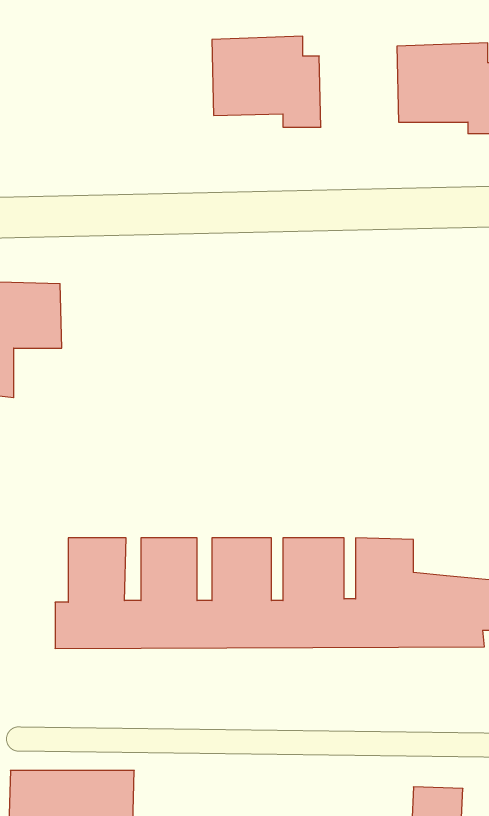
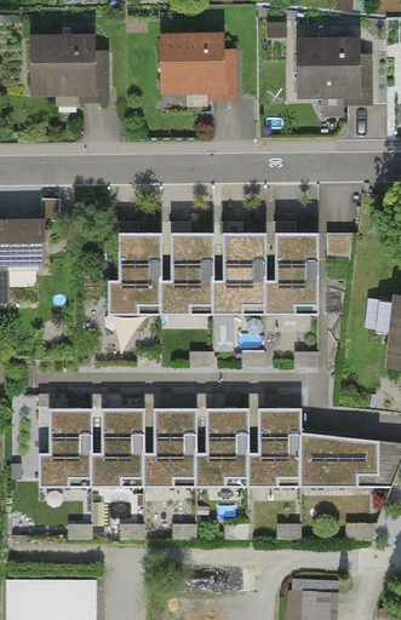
building: none -> [24,38,104,104]
building: none -> [109,230,321,314]

